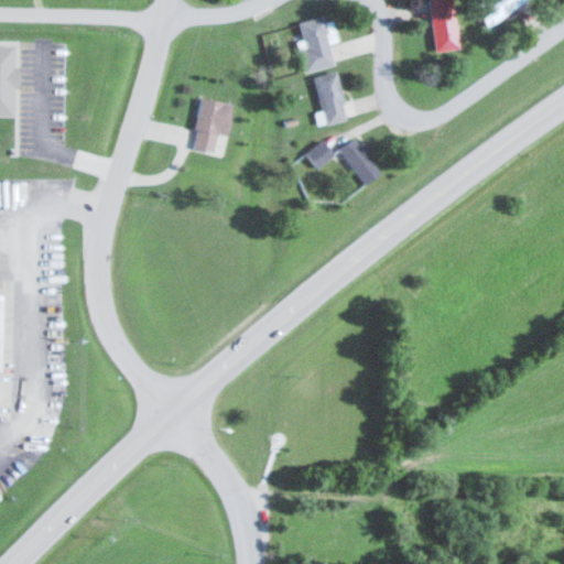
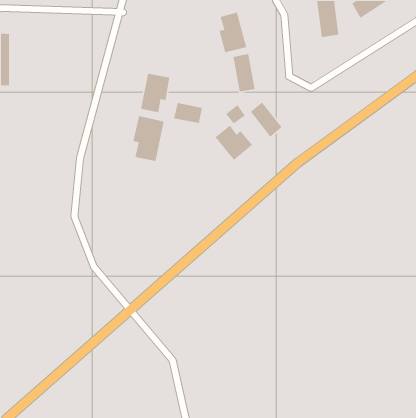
building: none -> [173,102,203,124]
building: none -> [132,115,165,162]
building: none -> [215,125,253,161]

